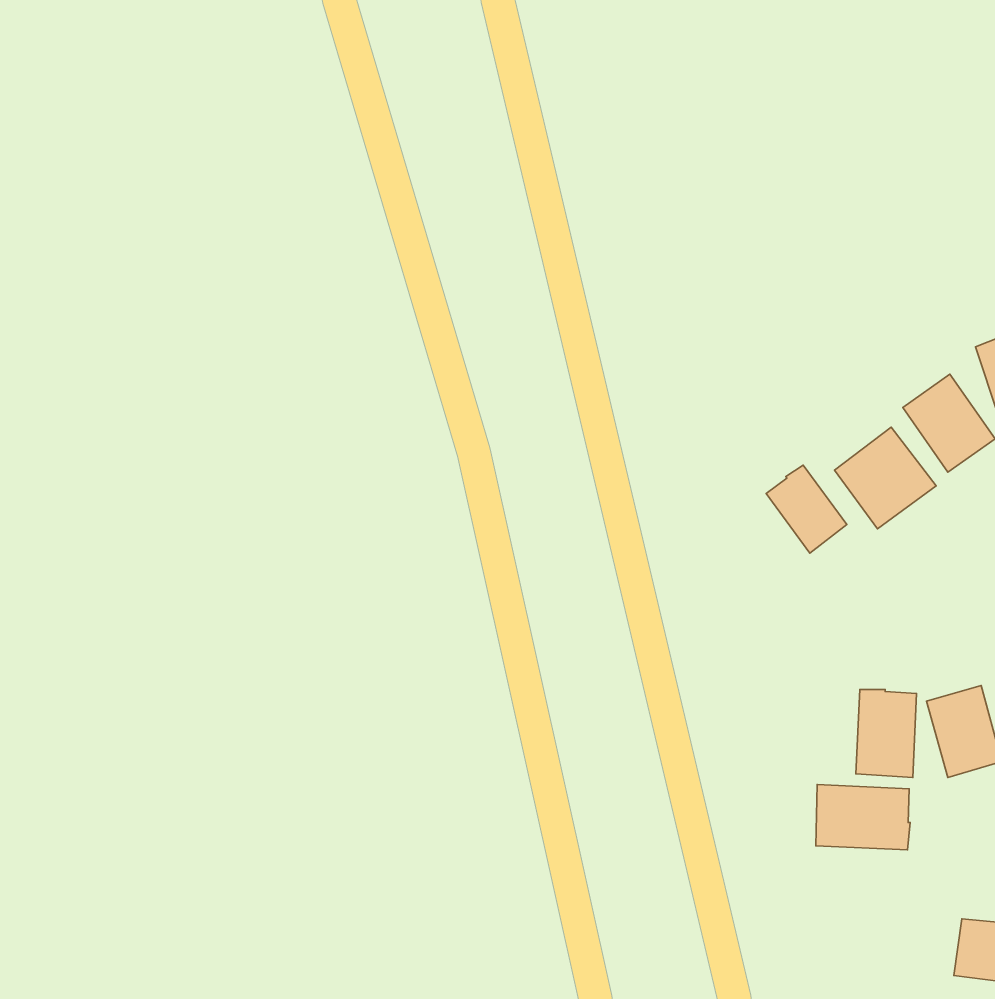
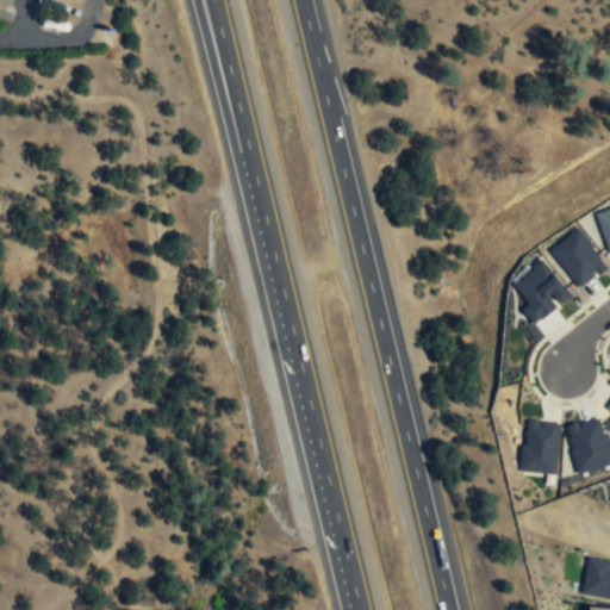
building: [766,465,847,553] -> none
building: [816,784,910,850] -> none

